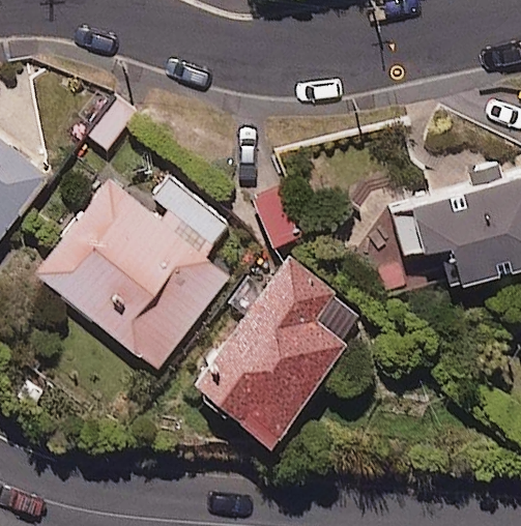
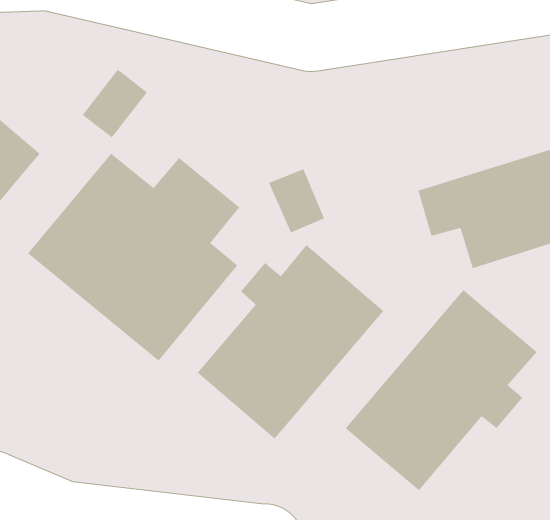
building: none -> [345,289,537,491]

